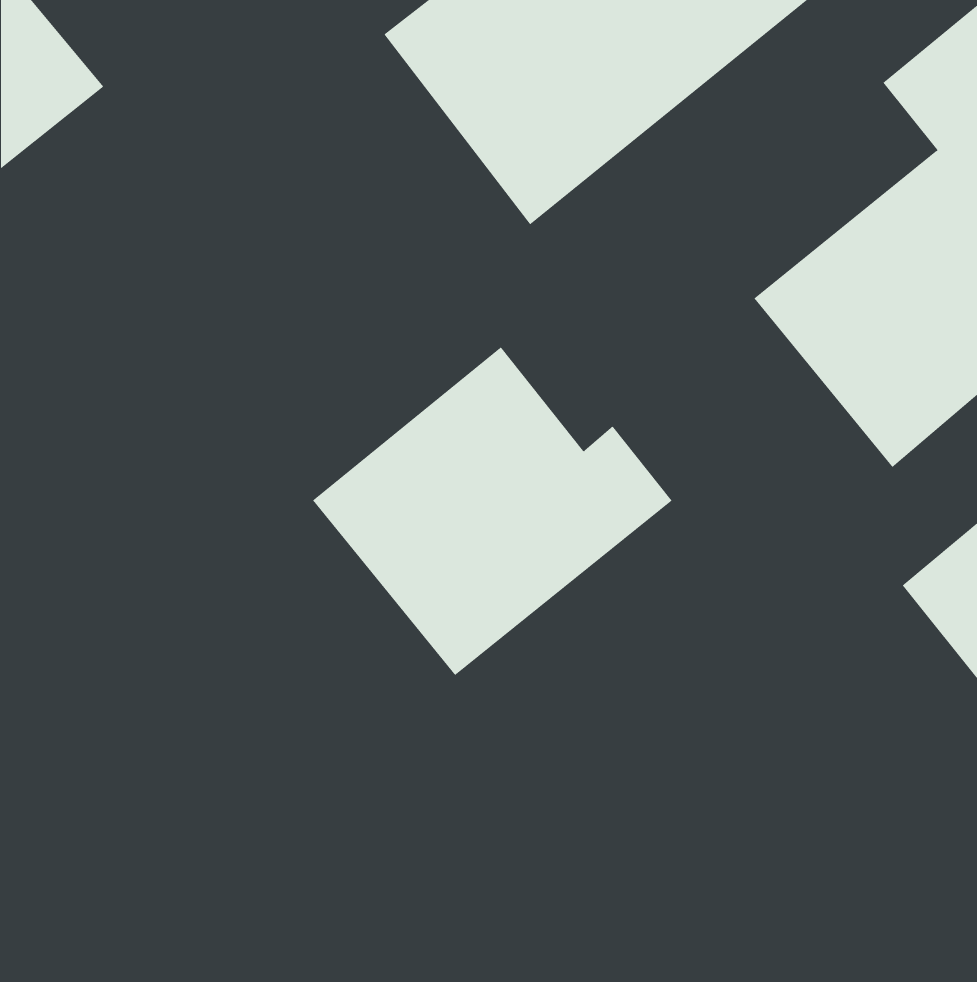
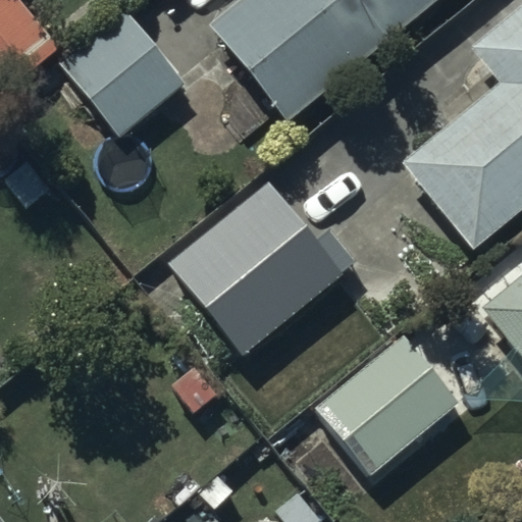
building: none -> [59,10,188,140]
building: none -> [315,332,460,475]

